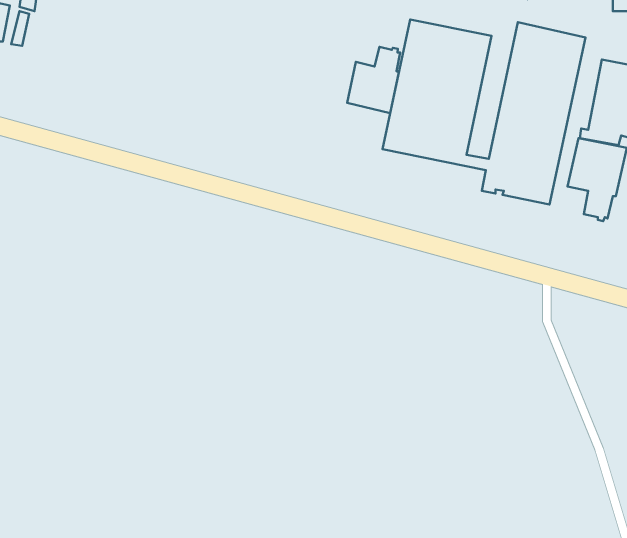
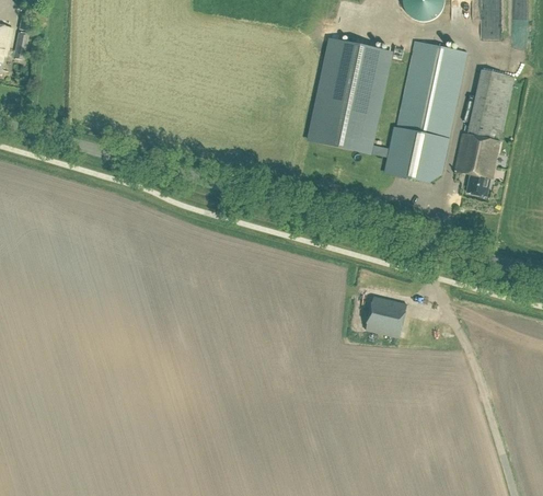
building: [347,47,400,113] -> none
building: none -> [363,295,405,336]

